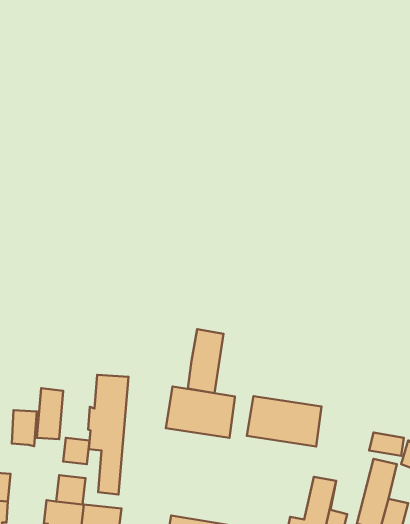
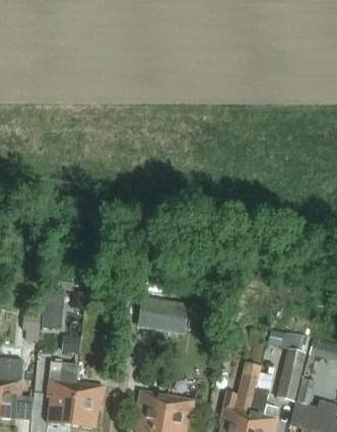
building: [188,329,224,393] -> none
building: [88,375,128,495] -> none
building: [247,396,321,446] -> none

